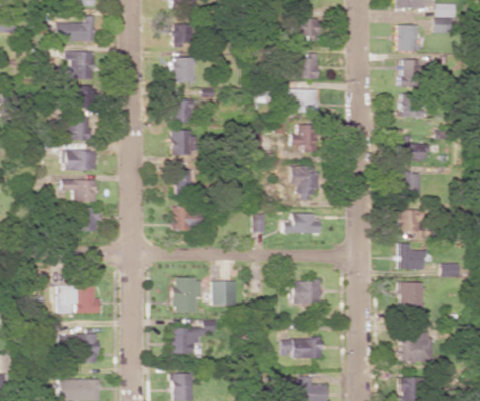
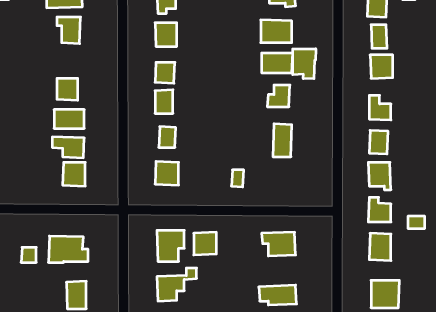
building: none -> [293,49,316,79]
building: [73,85,93,107] -> none
building: [284,212,323,233] -> none

